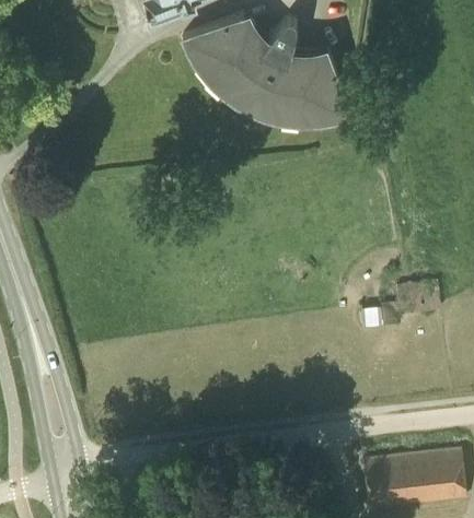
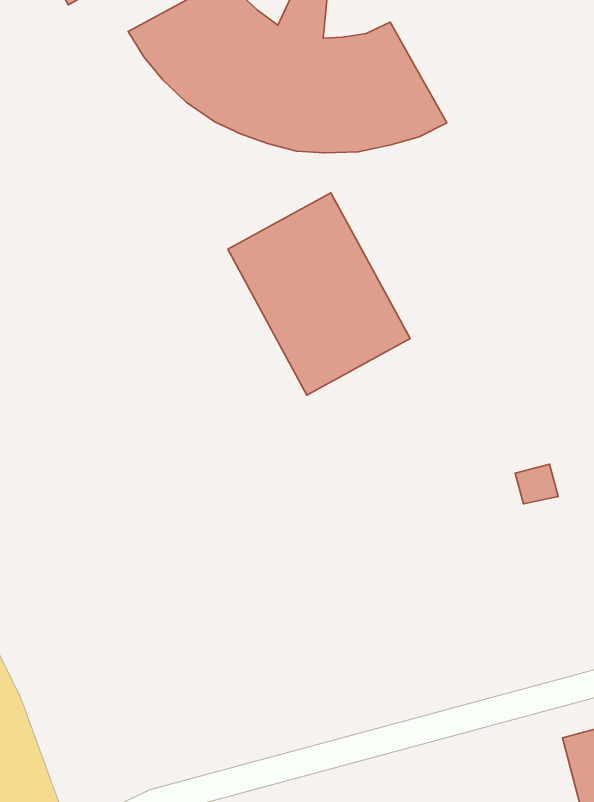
building: none -> [228,193,410,395]

